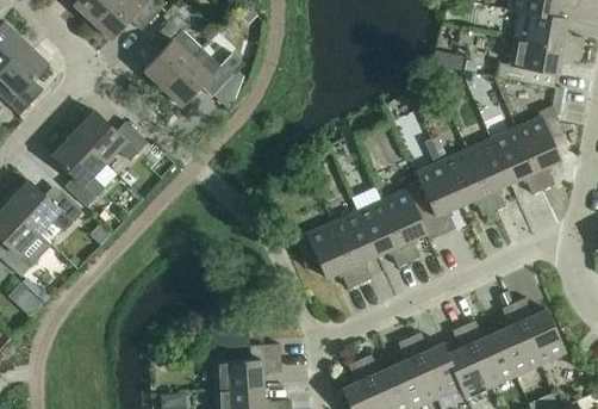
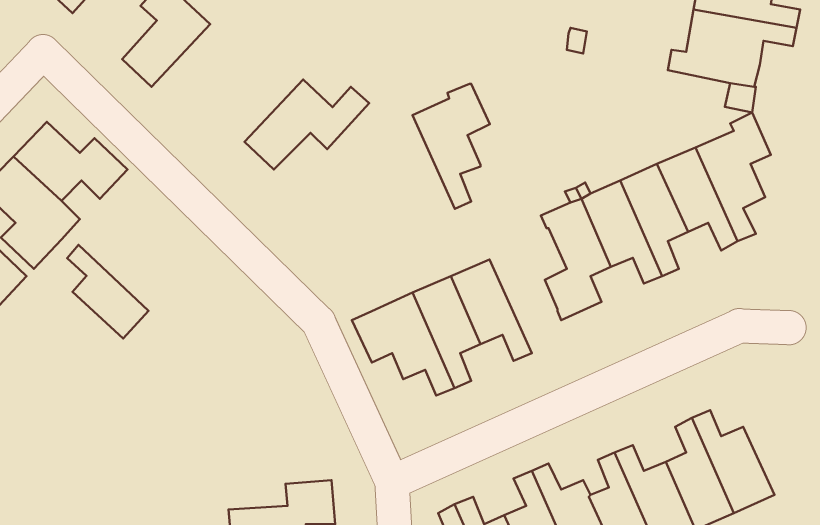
building: [162,48,243,106] -> [244,79,369,170]
building: [381,180,431,261] -> [412,84,490,209]
building: none -> [67,245,148,338]

